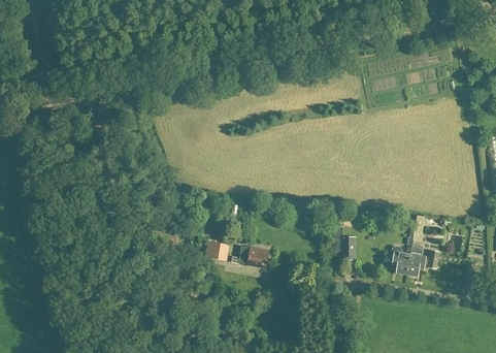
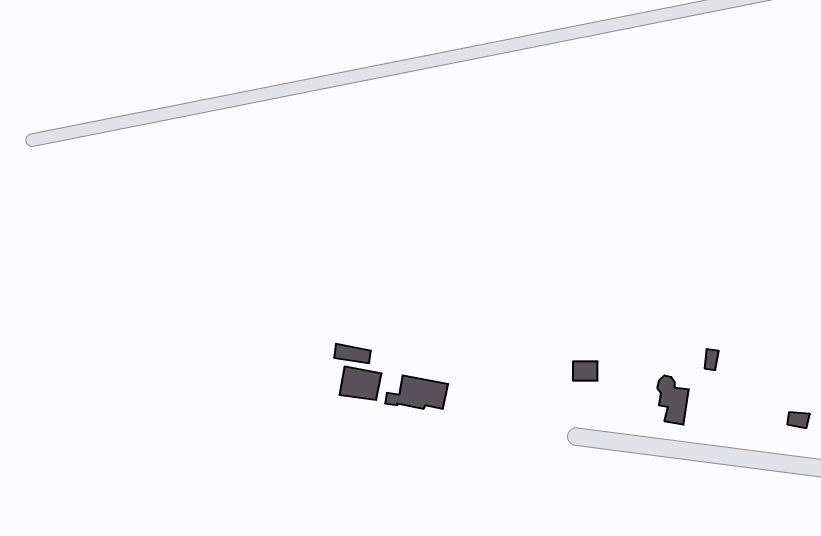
building: [407,244,440,276] -> none

